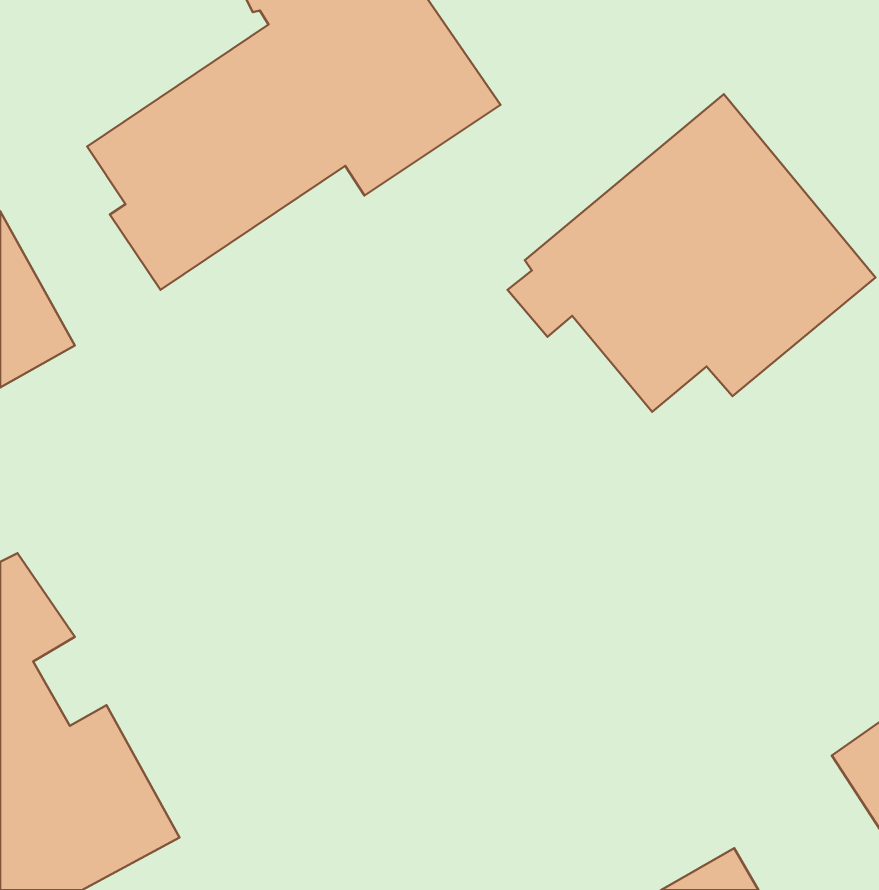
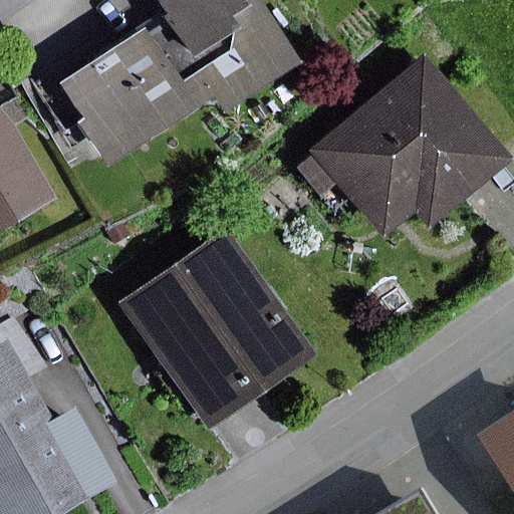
building: none -> [117,227,315,430]

